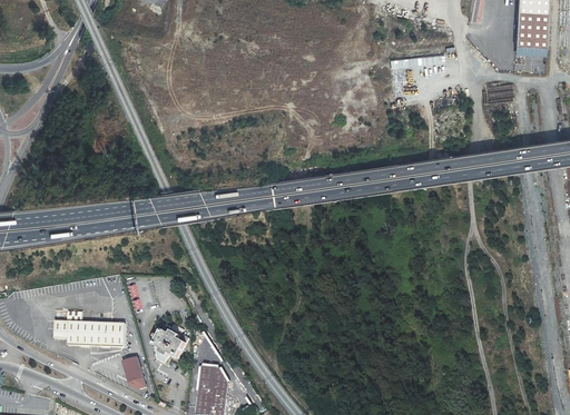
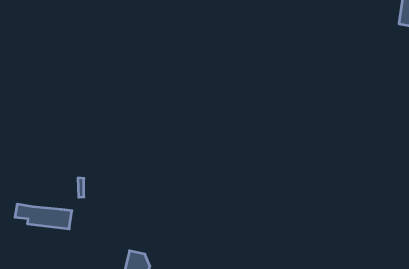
building: [155,329,187,359] -> none
building: [122,356,147,389] -> none

